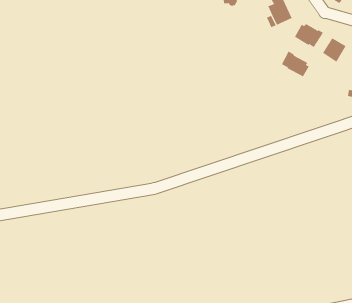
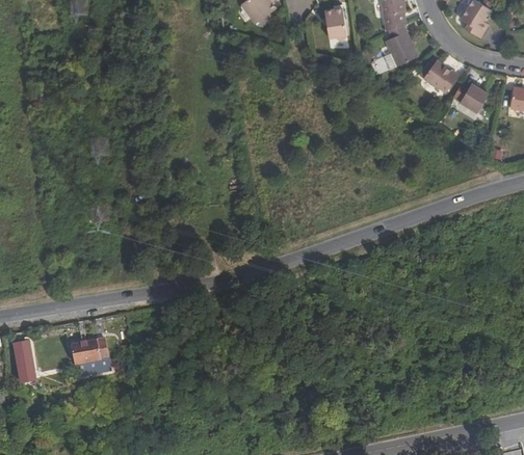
building: [281,51,310,77] -> none
building: none -> [72,340,109,367]

